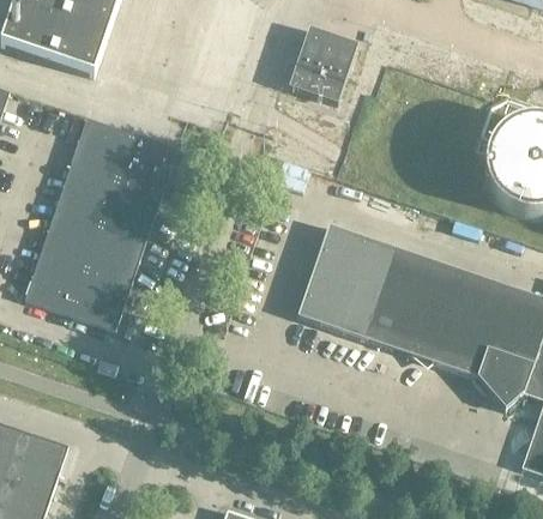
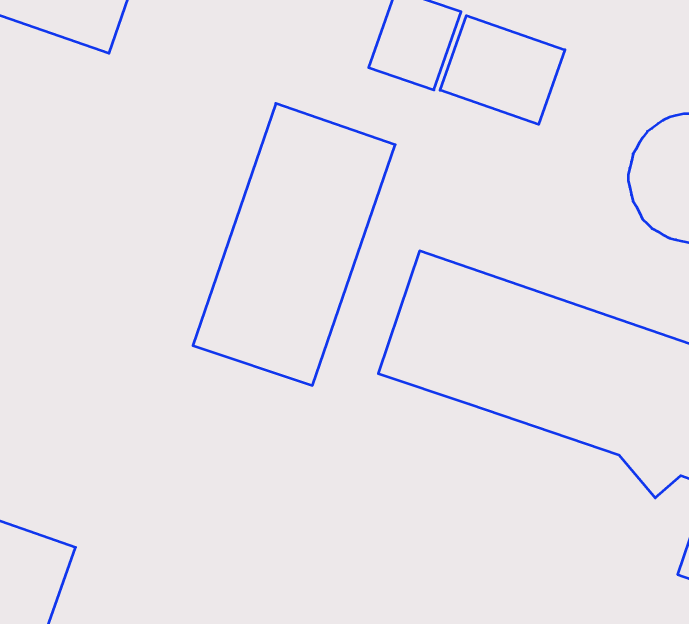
building: none -> [440,16,565,124]
building: [24,116,176,328] -> [193,103,395,385]

